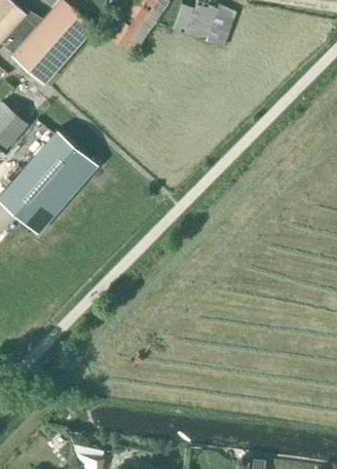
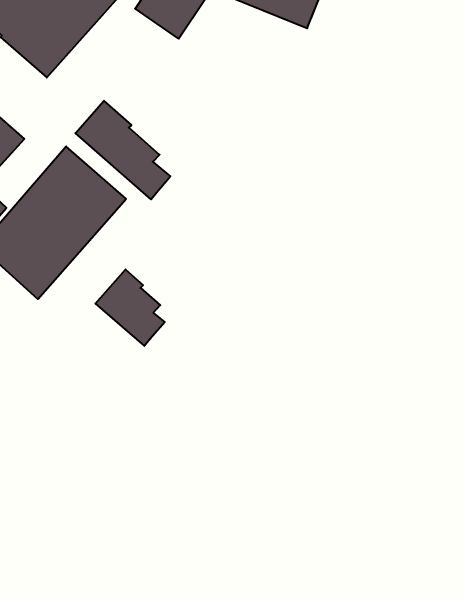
building: none -> [75,101,170,199]
building: none -> [95,269,165,346]

